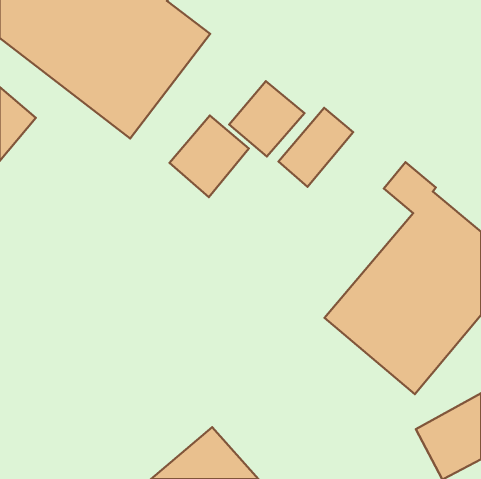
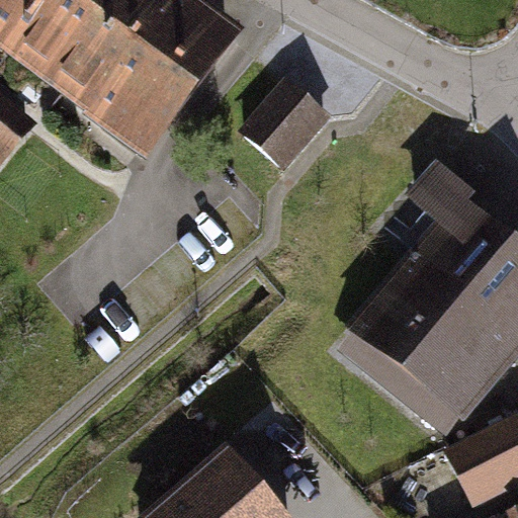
building: [279,108,353,187] -> none
building: [169,115,249,197] -> none

